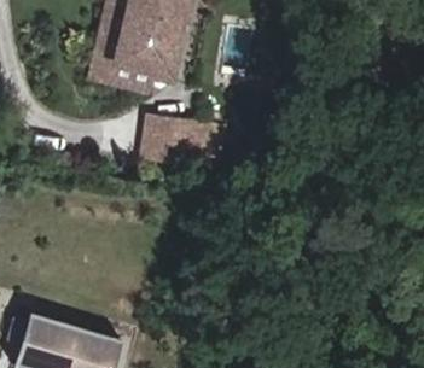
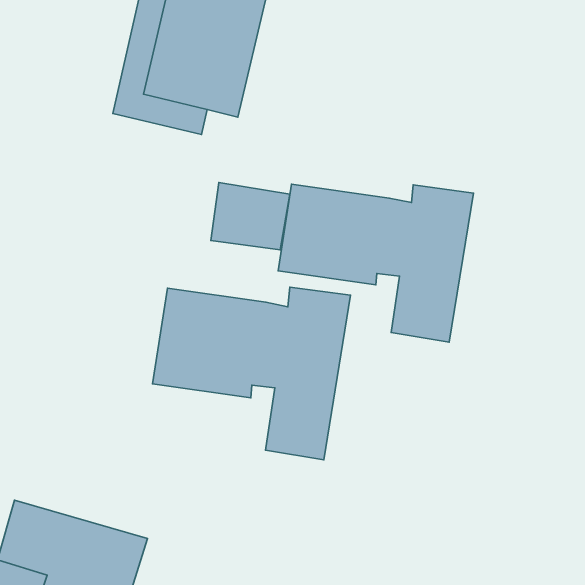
building: none -> [278,184,473,342]
building: none -> [152,287,351,460]

